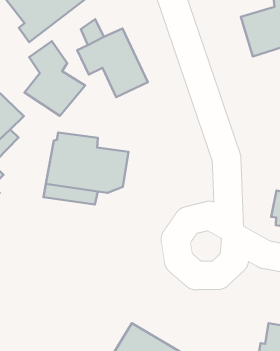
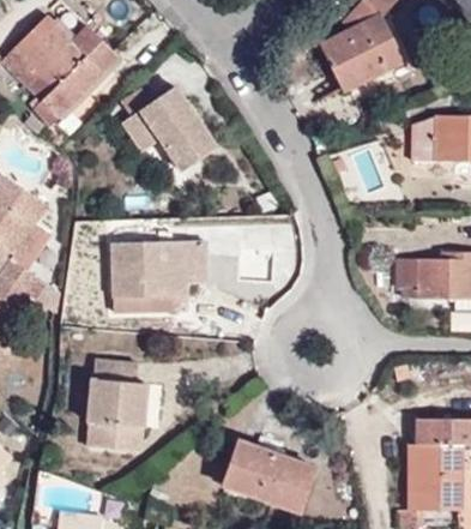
building: [25,41,85,116] -> none
building: none -> [84,357,141,452]

